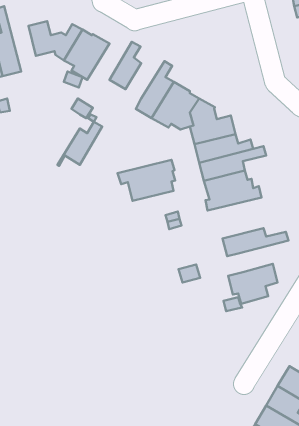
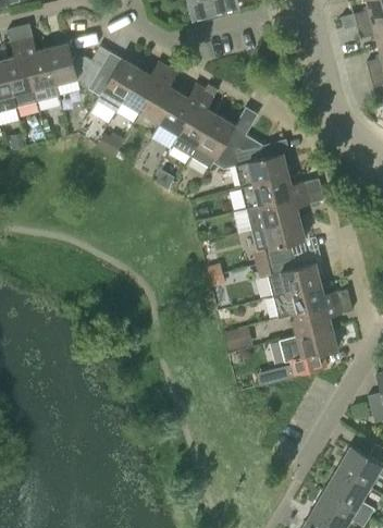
building: none -> [18,23,59,101]
building: none -> [160,84,206,133]
building: [57,122,102,166] -> [115,61,168,112]
building: [117,160,175,201] -> [256,248,323,296]
building: none -> [292,298,353,335]

